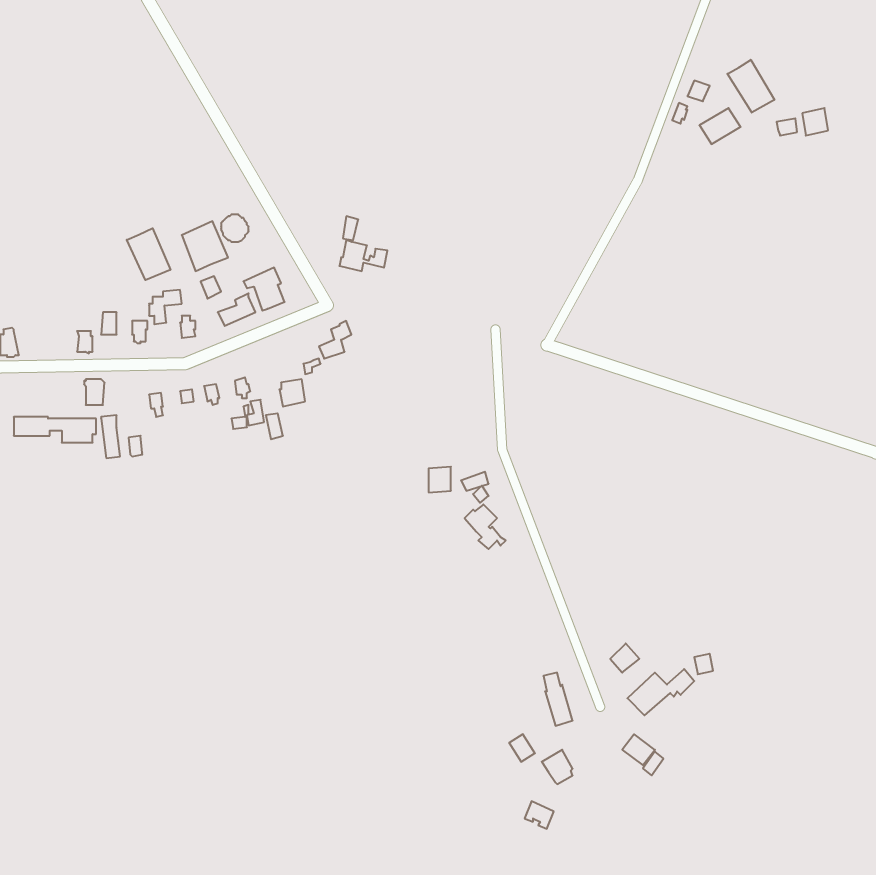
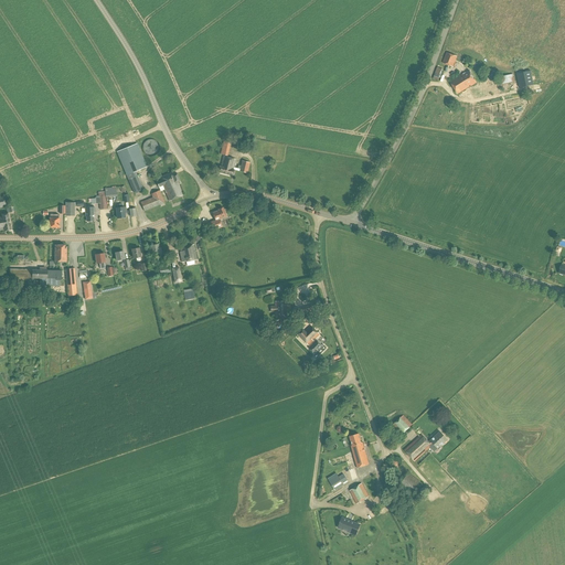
building: [727,60,774,113] -> none
building: [127,228,170,280] -> none

